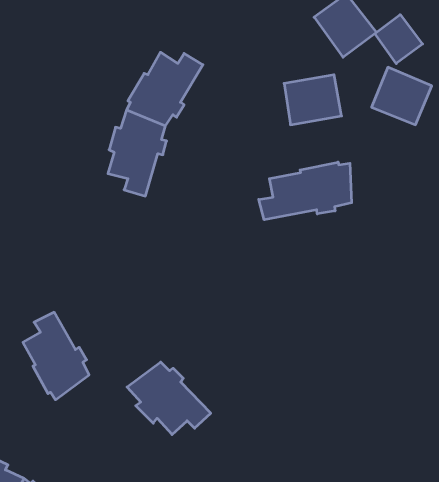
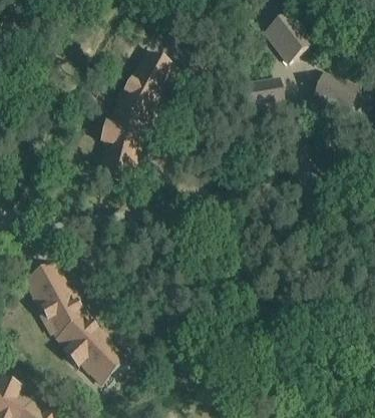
building: [375,15,423,64] -> none
building: [259,162,352,220] -> none
building: [127,362,211,435] -> [56,317,123,375]

